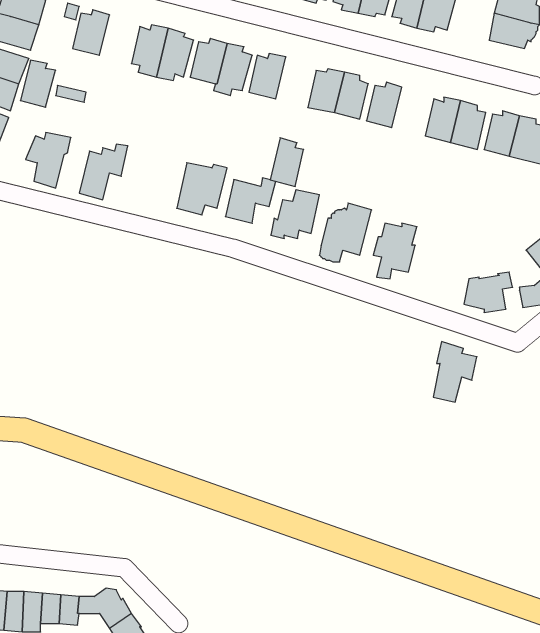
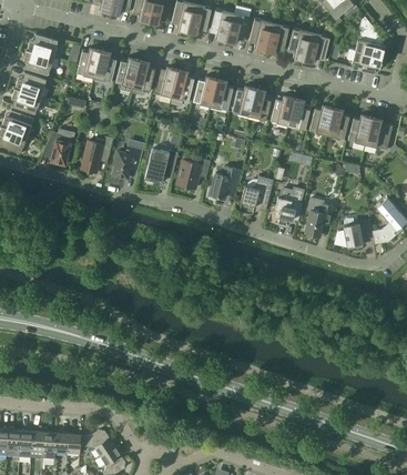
building: [20,60,56,107] -> [94,51,118,82]
building: none -> [287,99,311,130]
building: [270,138,304,186] -> [211,79,233,111]
building: none -> [113,140,144,178]
building: [433,342,477,402] -> [305,196,334,236]

